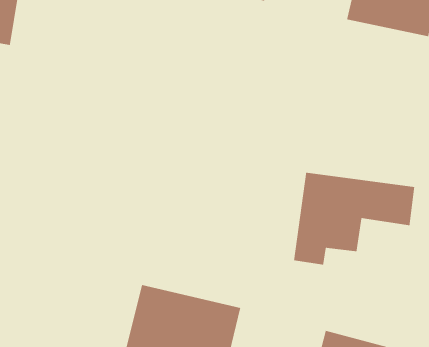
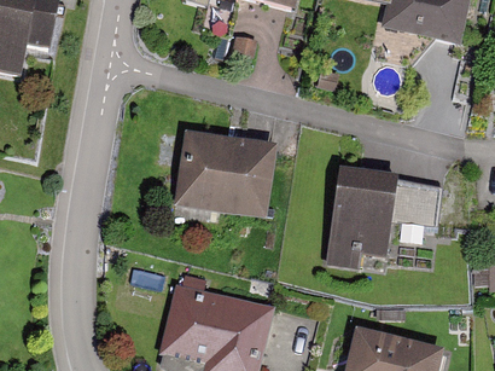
building: none -> [173,134,279,219]

